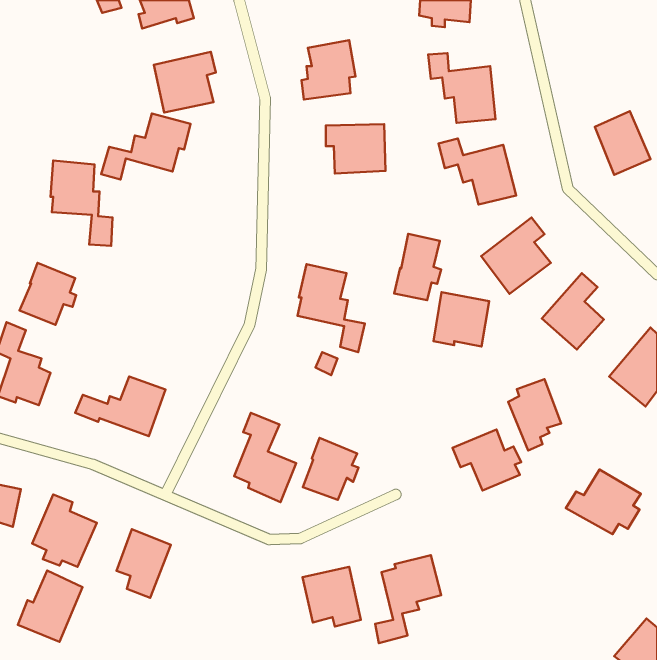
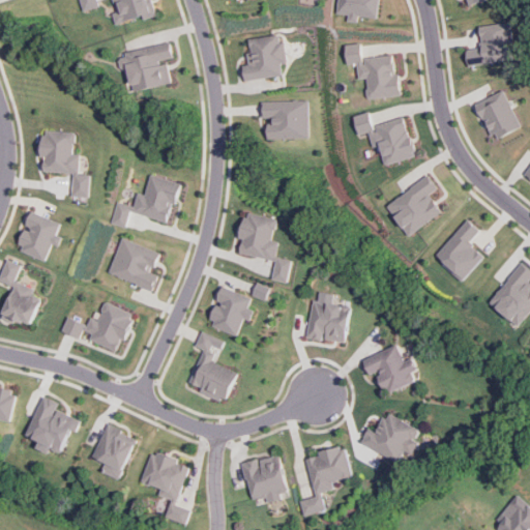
building: none -> [465,22,514,65]
building: [101,113,190,179] -> [109,175,180,228]
building: [394,234,441,300] -> none
building: [434,292,489,346] -> [306,299,351,343]
building: none -> [107,238,158,290]
building: [508,379,561,450] -> none
building: [303,438,358,500] -> [208,286,253,335]
building: [566,469,641,534] -> [360,411,420,463]
building: none -> [141,451,192,524]
building: [18,571,82,642] -> none

